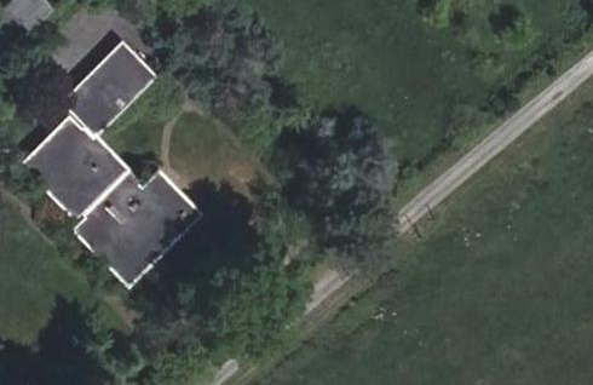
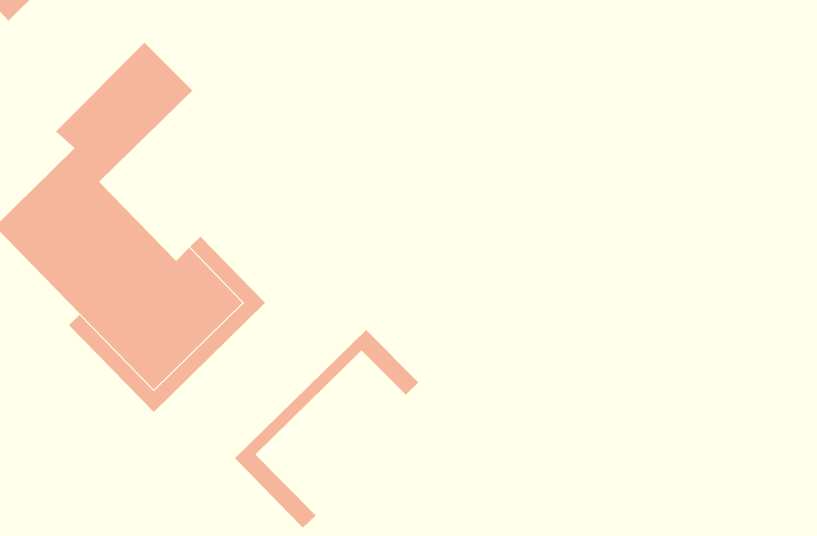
building: none -> [234,329,419,528]

